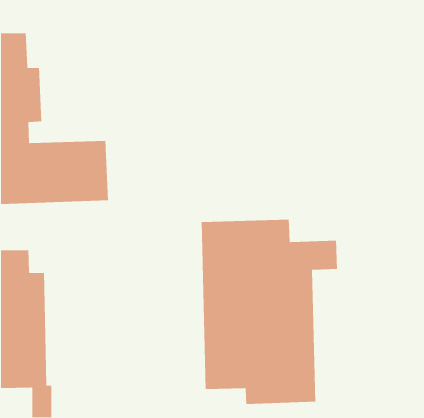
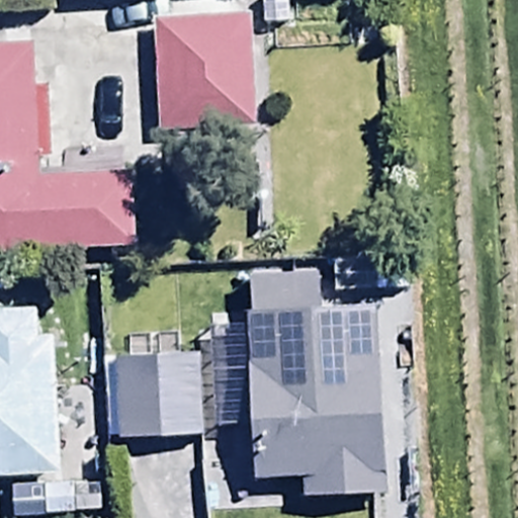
building: none -> [149,13,250,133]
building: none -> [102,349,196,436]

